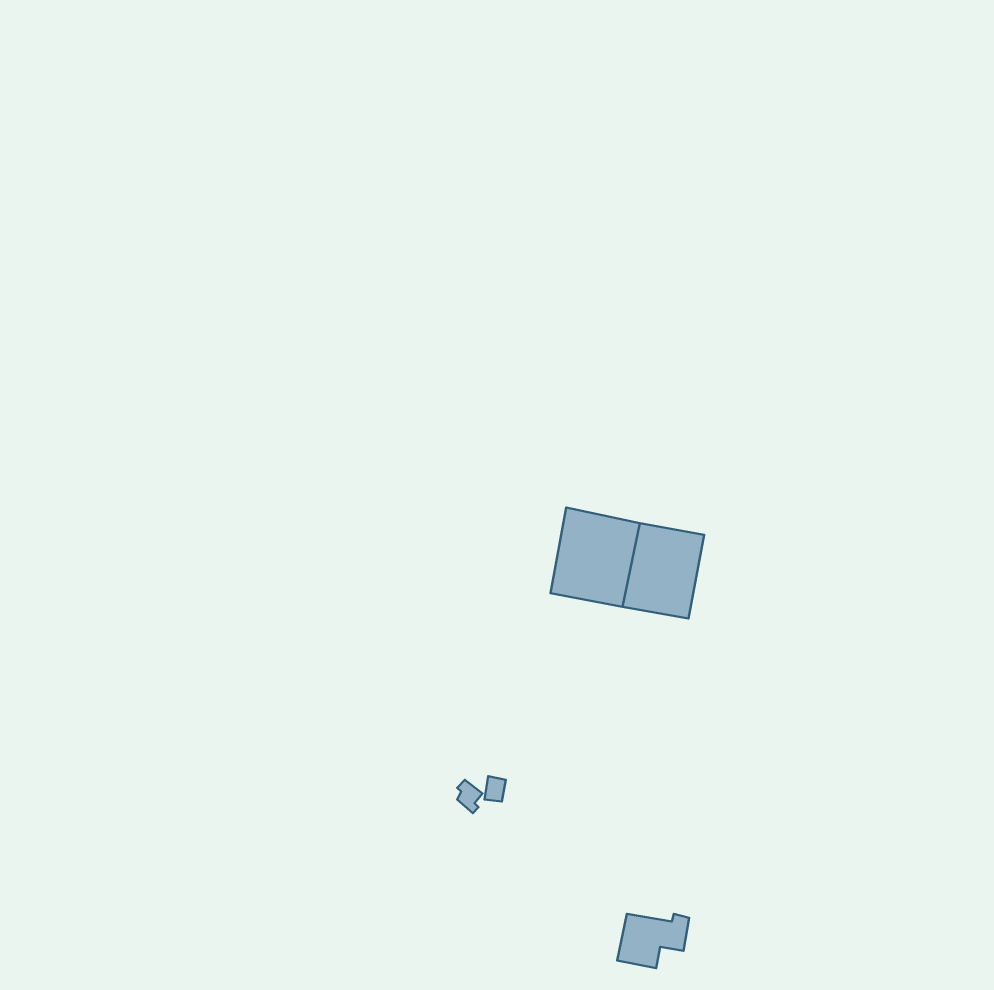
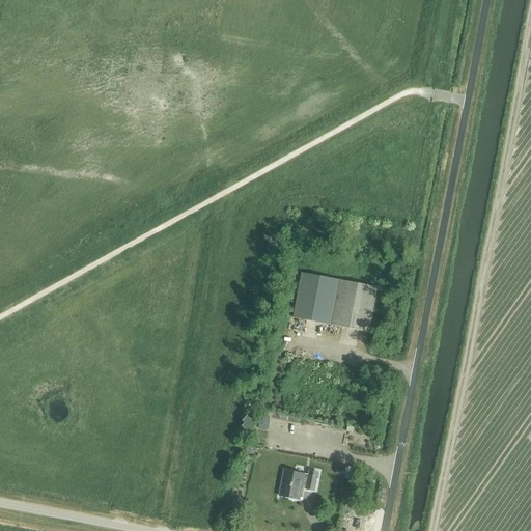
building: [617,914,689,968] -> [279,469,317,498]

